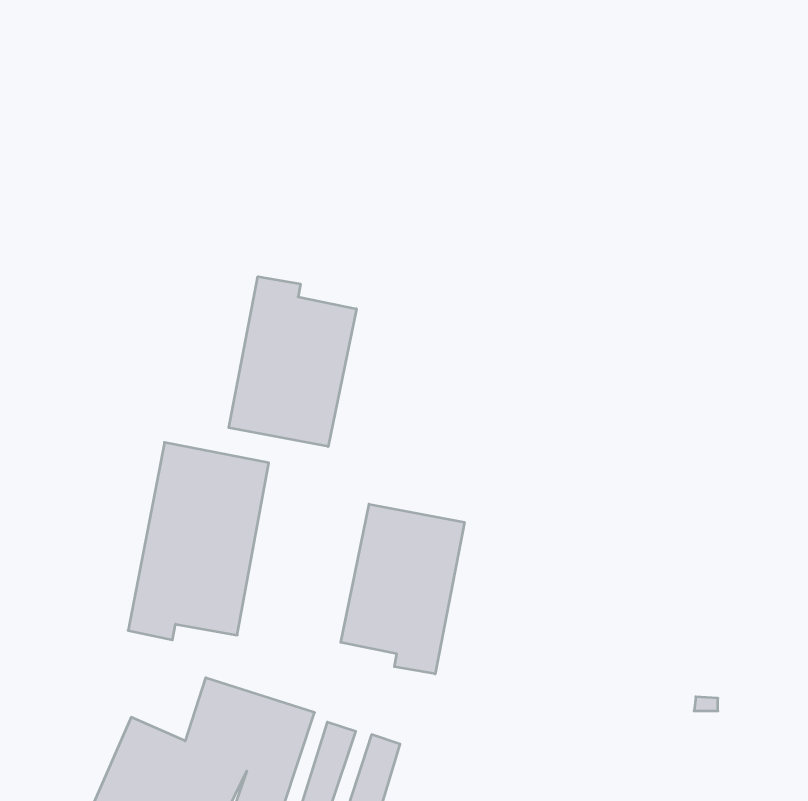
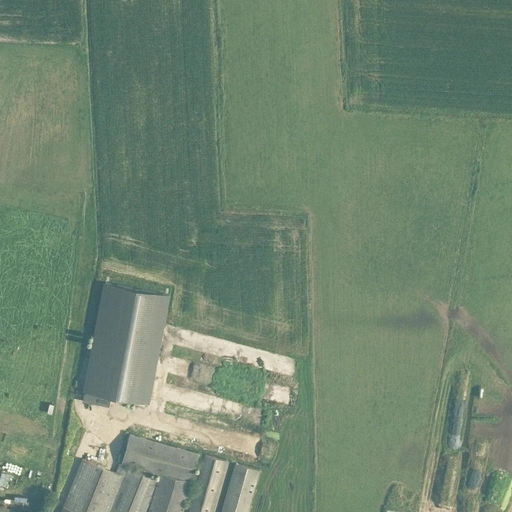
building: [229,277,356,447] -> none
building: [341,504,464,674] -> none

